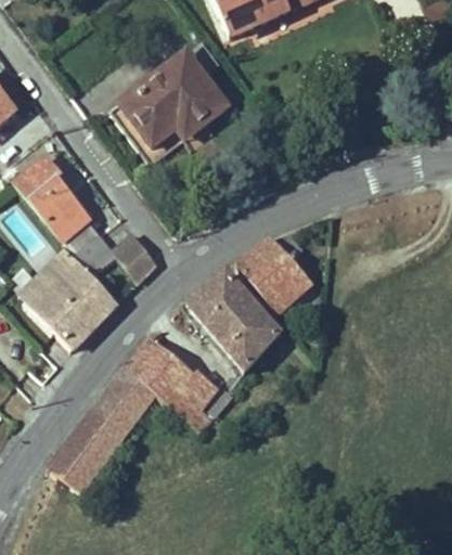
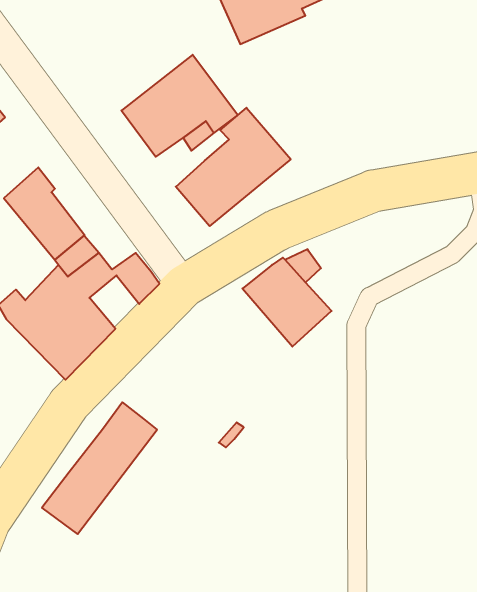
building: none -> [176,108,291,226]
building: [173,270,282,375] -> none
building: [124,336,217,429] -> none

